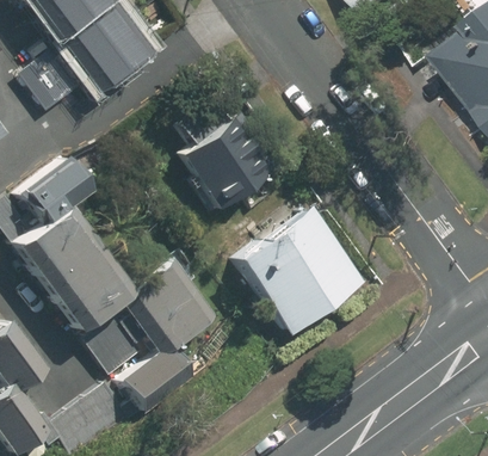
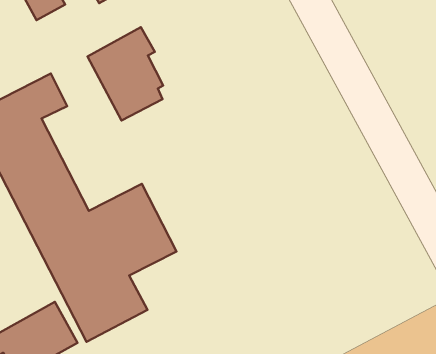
building: [190,112,267,204] -> [88,27,163,120]
building: [234,204,365,335] -> none

